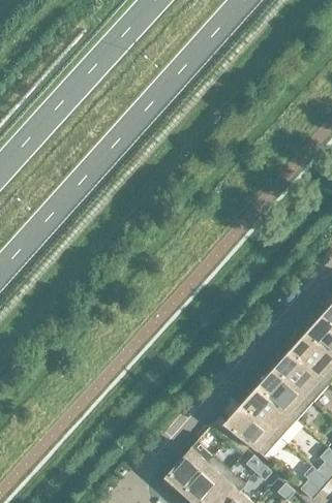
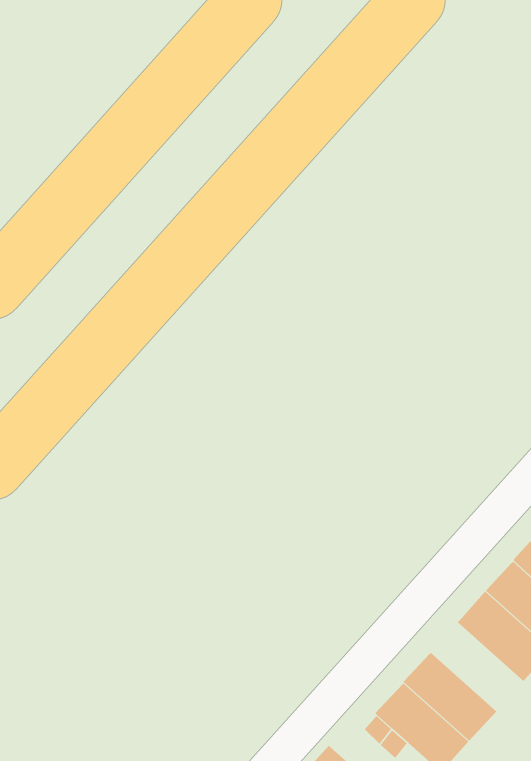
building: [256,369,311,421] -> none

